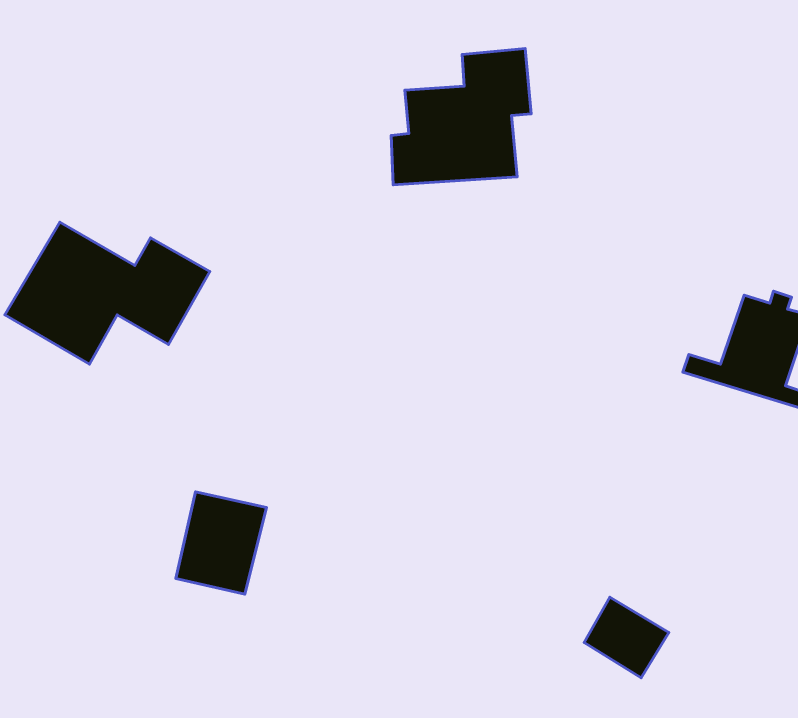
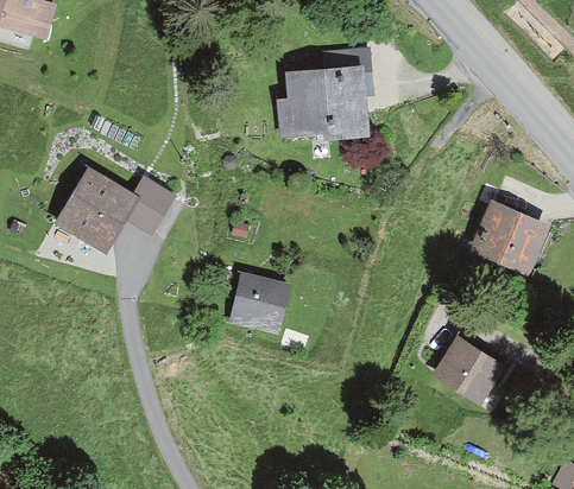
building: [176,492,266,594] -> [235,274,290,336]
building: [584,597,669,678] -> [441,345,492,394]

